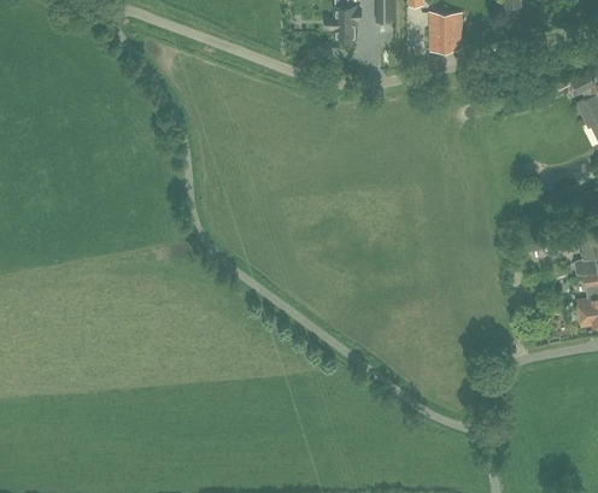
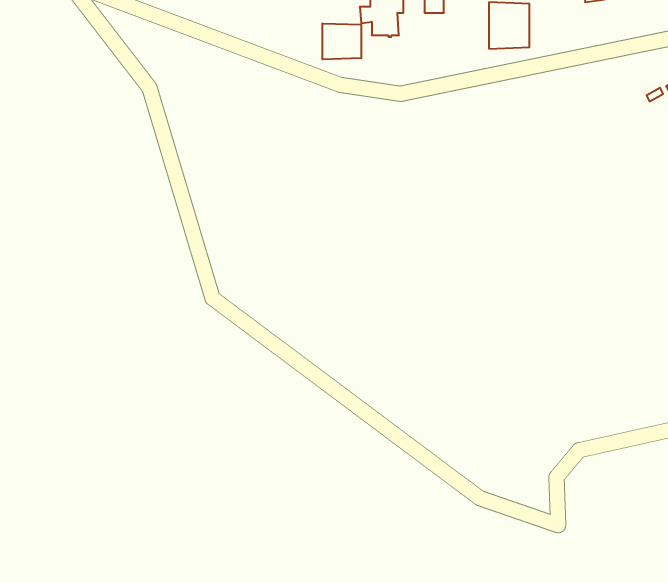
building: none -> [322,23,361,59]

